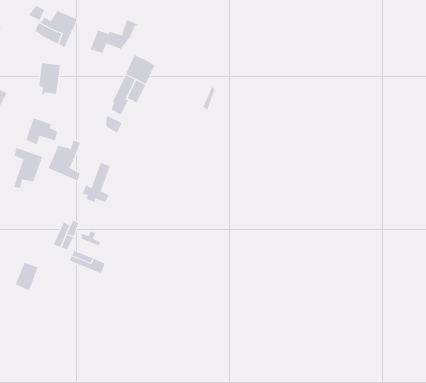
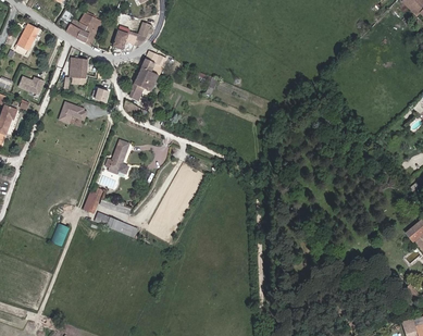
building: [48,140,81,181] -> none
building: [13,147,43,189] -> none

